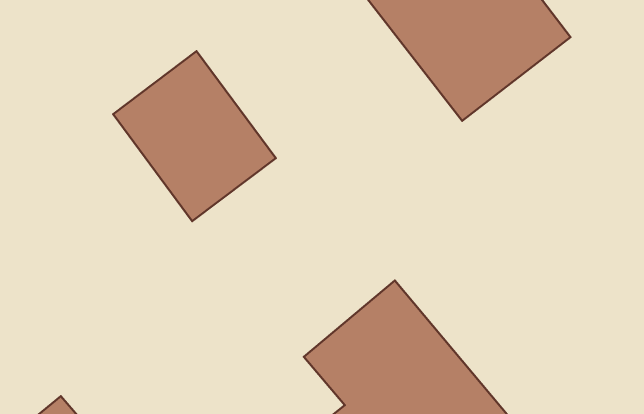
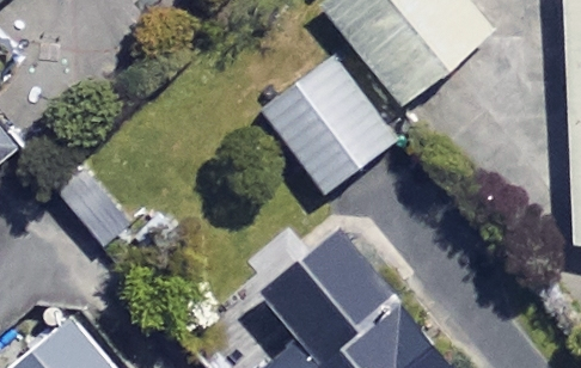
building: [113,51,276,221] -> [259,53,392,191]

